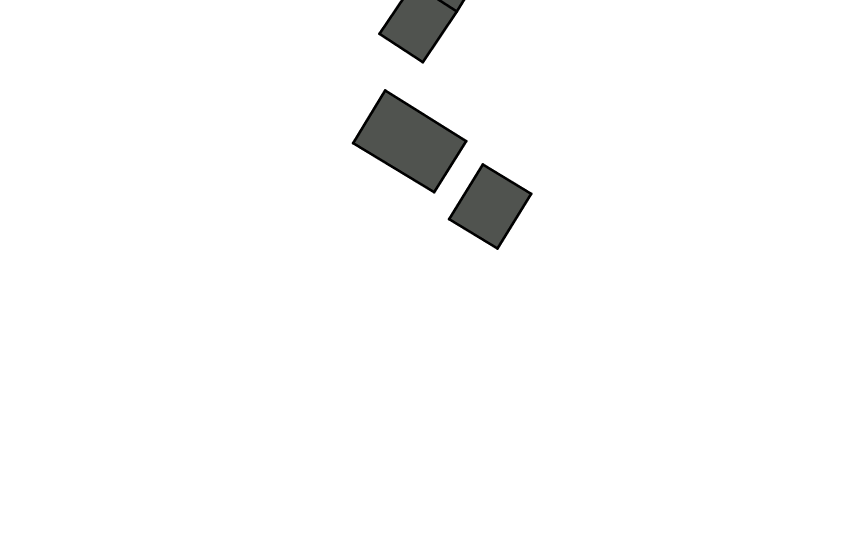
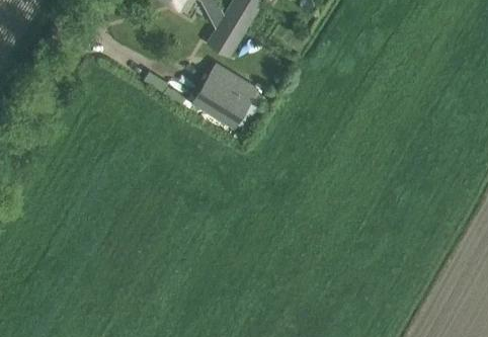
building: [449,164,531,248] -> none

